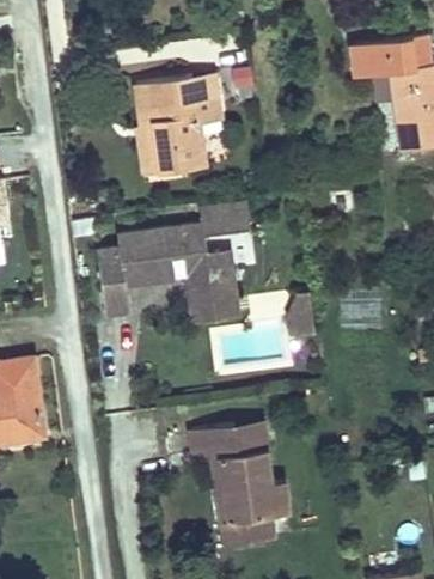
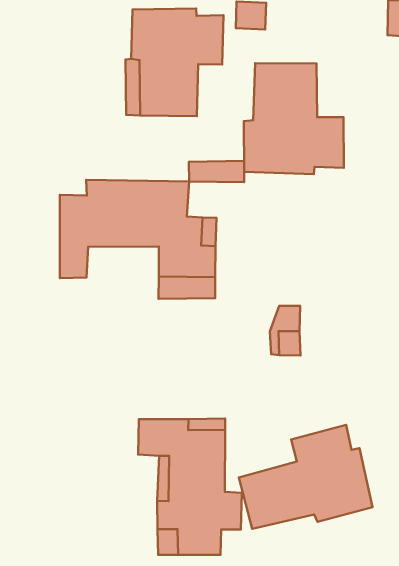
building: none -> [244,63,344,174]
building: none -> [239,425,372,529]

